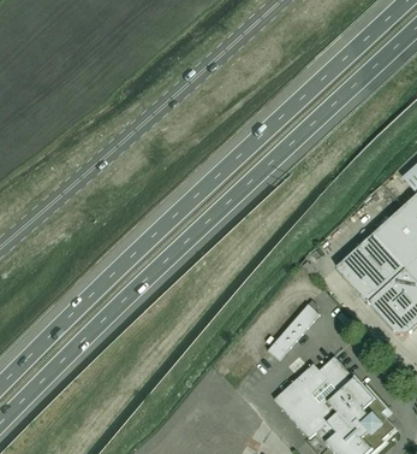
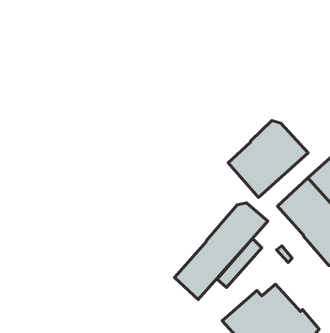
building: none -> [228,121,308,197]
building: none -> [175,203,268,300]

